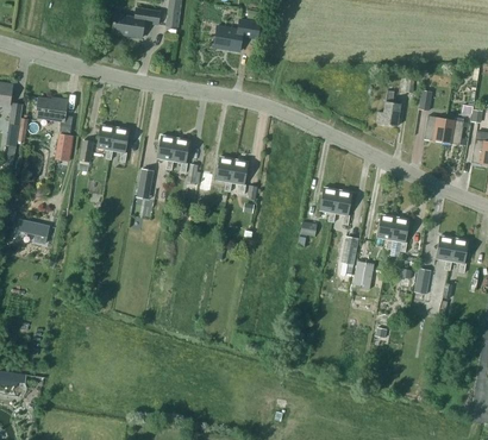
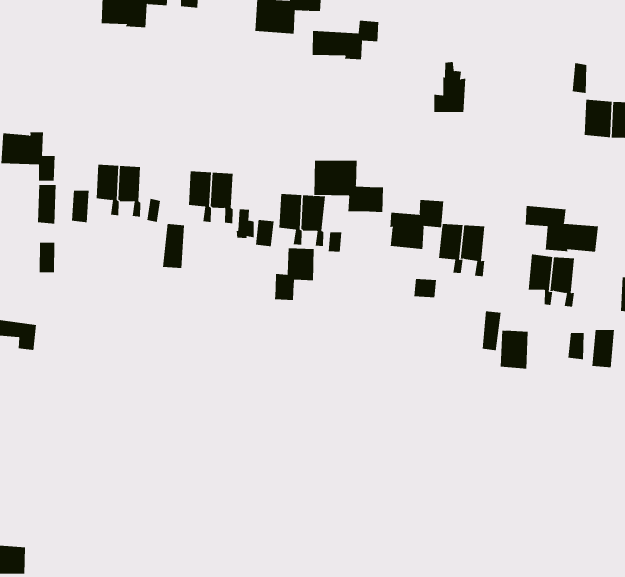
building: none -> [312,20,379,60]
building: [376,92,400,126] -> [434,62,466,113]
building: none -> [314,160,384,213]
building: none -> [390,199,444,250]
building: none -> [525,205,599,253]
building: none -> [275,248,314,301]

